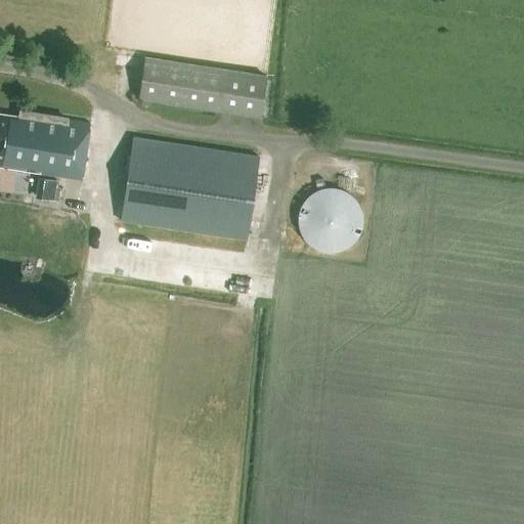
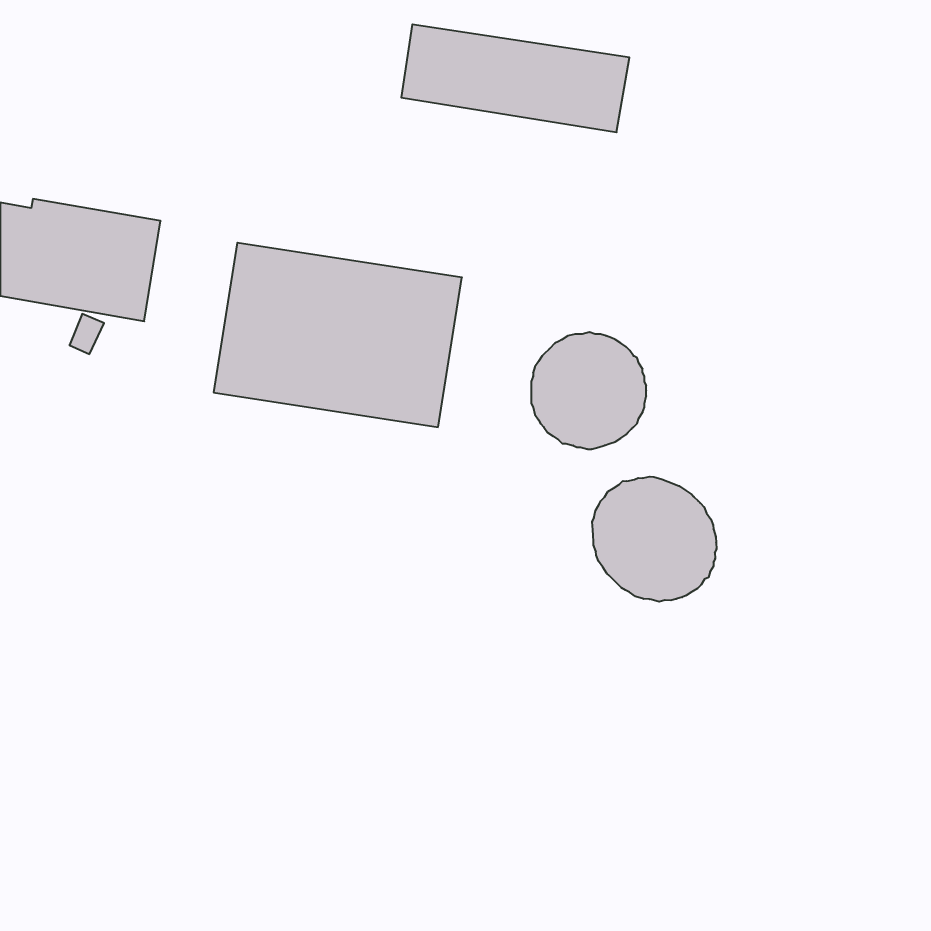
building: [139,57,267,118] -> [401,24,629,132]
building: none -> [592,477,716,602]

